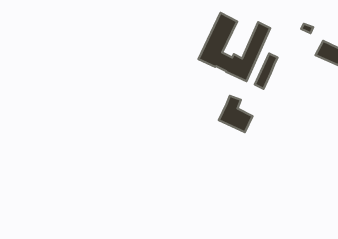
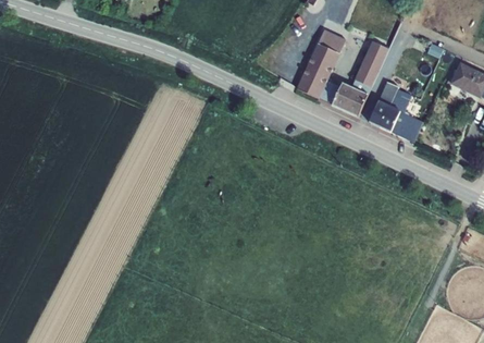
building: [219,96,253,132] -> [381,95,424,142]

